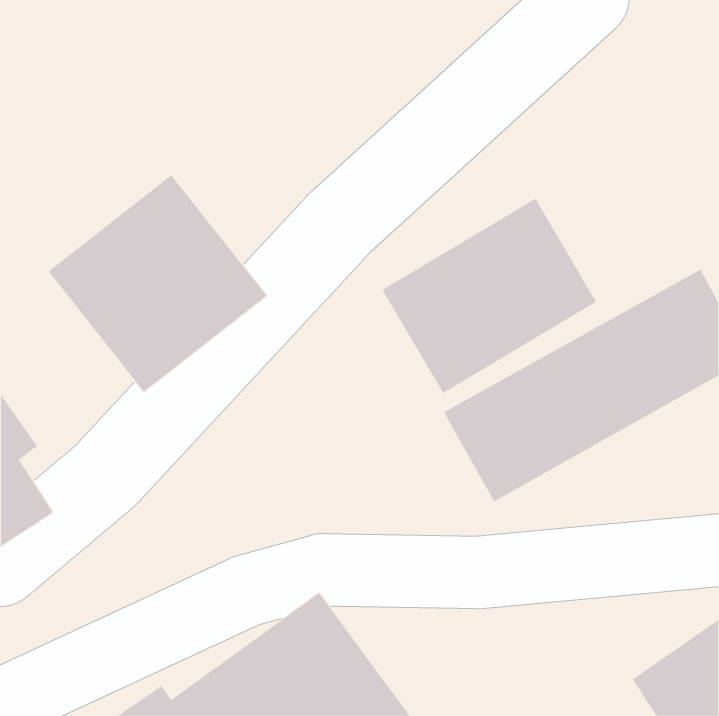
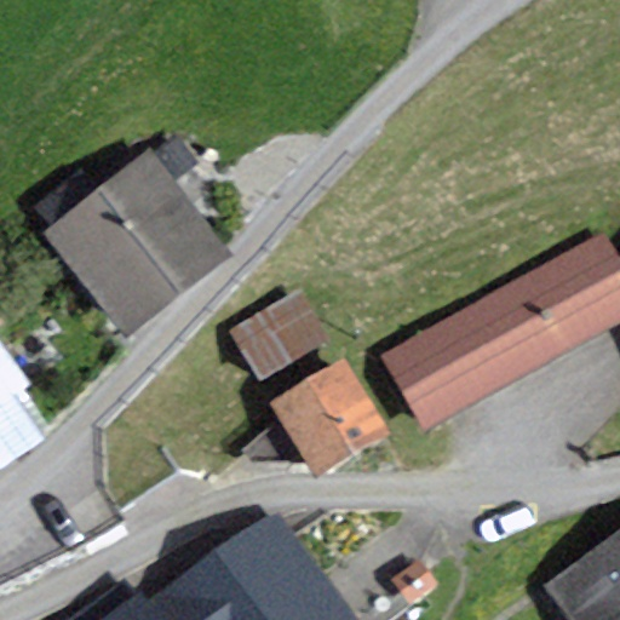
building: [382,198,597,394] -> none
building: none -> [231,293,389,476]

